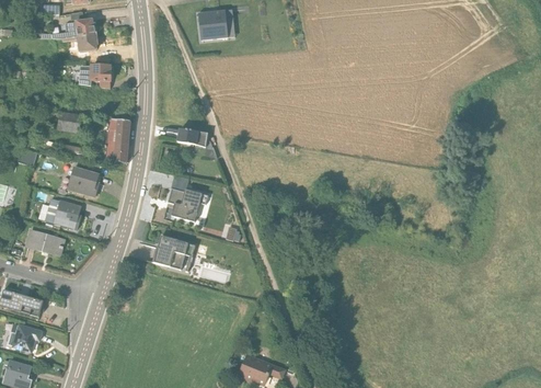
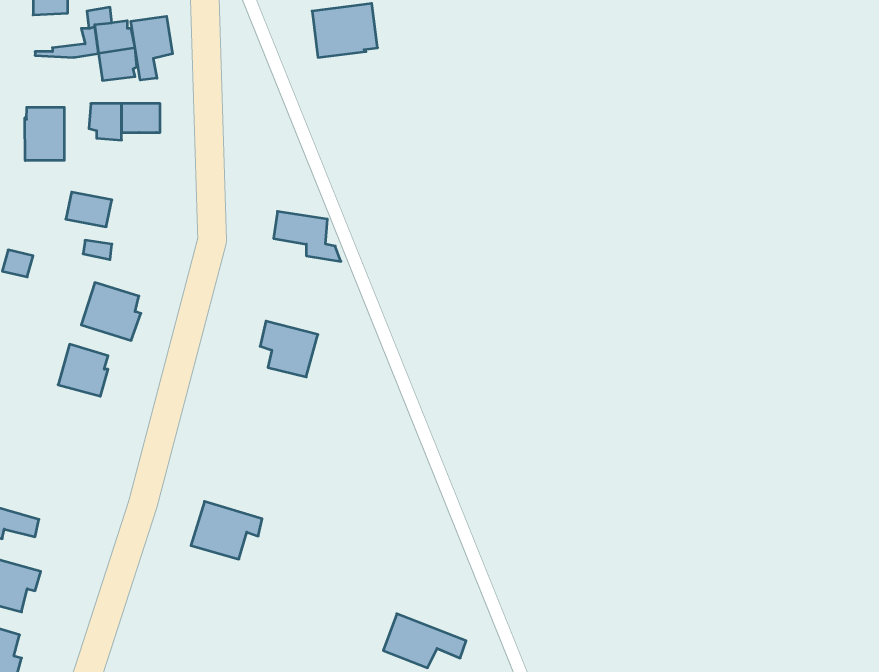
building: none -> [131,16,173,80]
building: none -> [25,107,64,161]
building: [105,117,130,162] -> none
building: [24,229,65,258] -> none
building: [153,236,194,269] -> [191,501,262,559]

